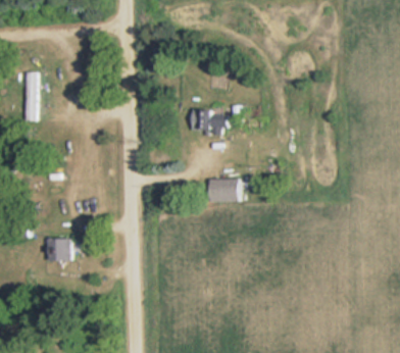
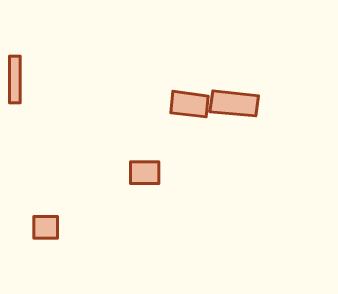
building: none -> [210,91,258,116]
building: [209,179,239,201] -> [130,162,159,183]

